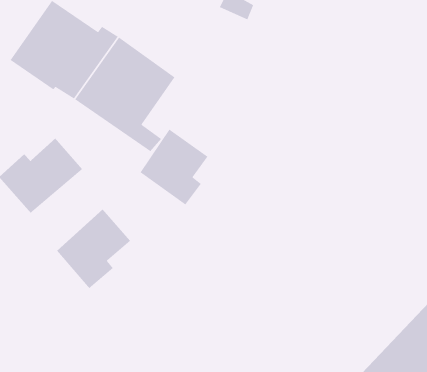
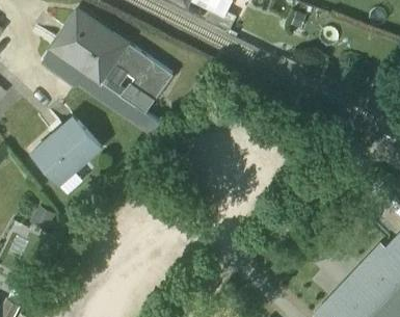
building: [140,129,209,205] -> none
building: [56,209,131,289] -> none

